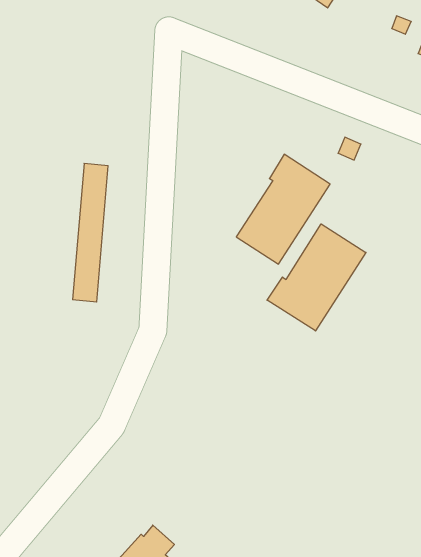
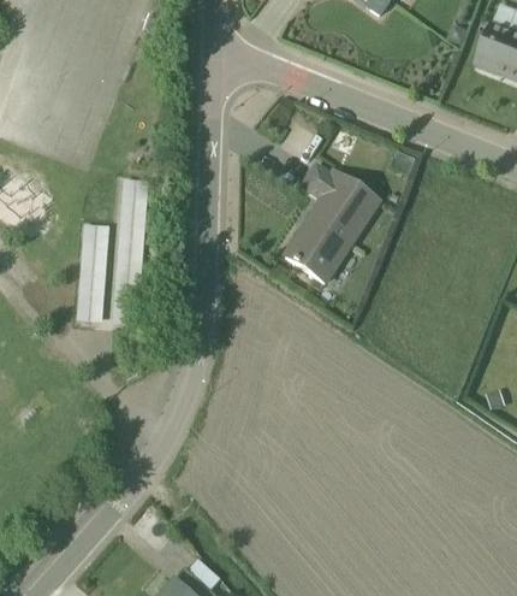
building: none -> [76,224,108,321]
building: [267,224,366,331] -> none

